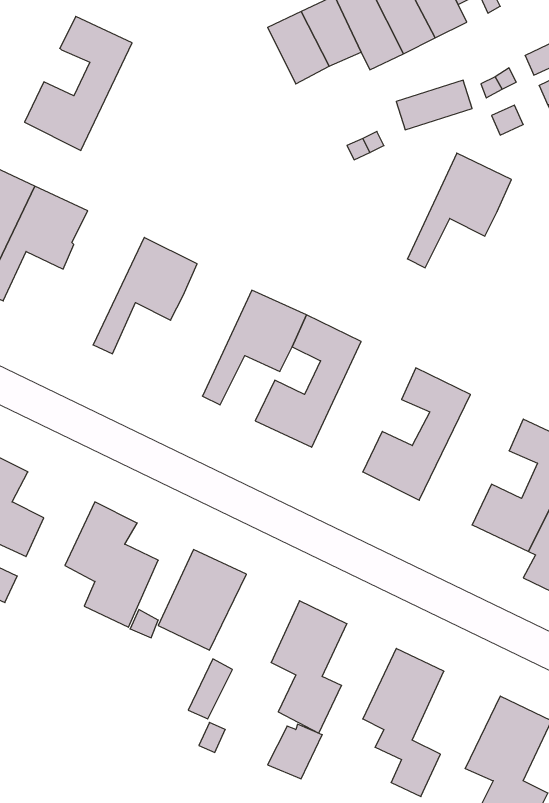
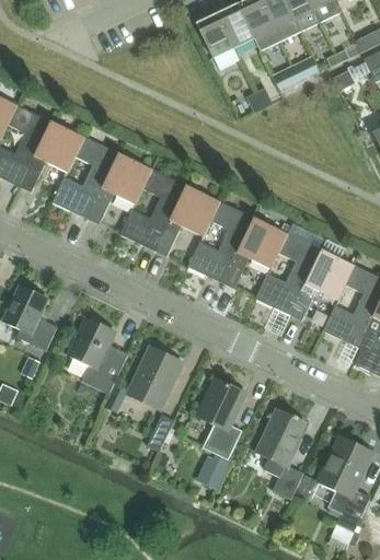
building: [25,16,132,150] -> [53,136,119,219]
building: [407,153,511,268] -> [223,217,288,288]
building: none -> [120,168,186,250]
building: none -> [290,249,355,320]

